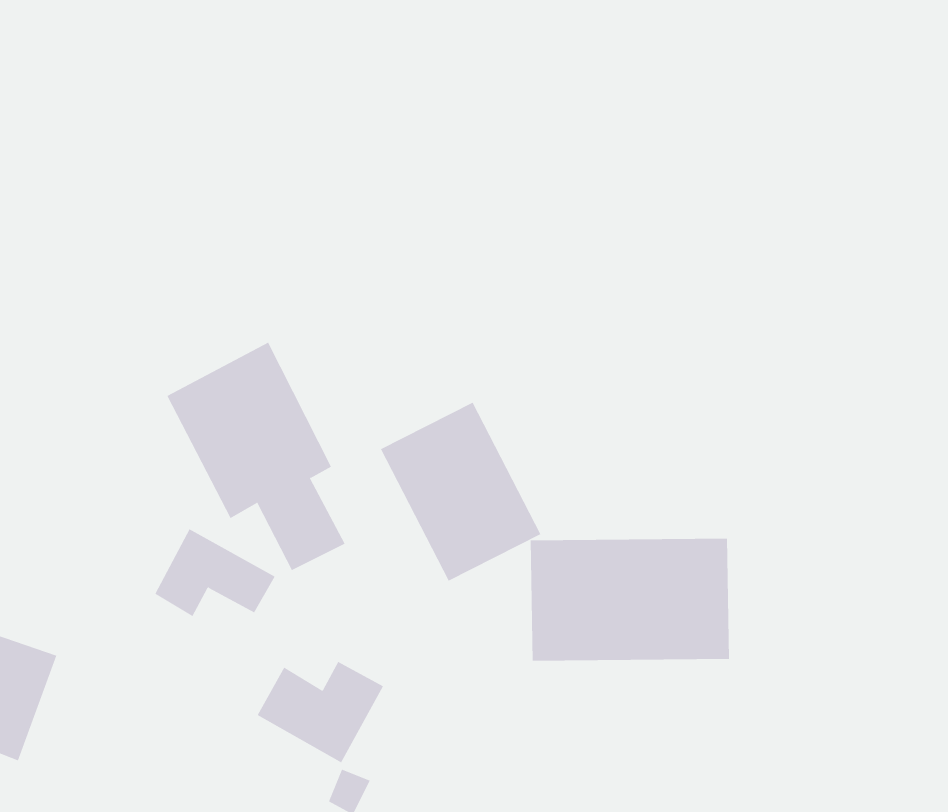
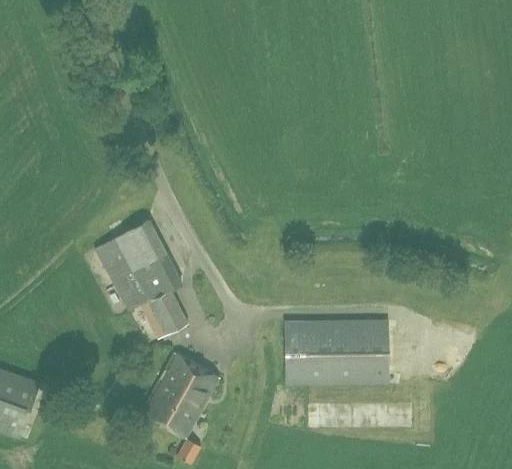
building: [380,402,541,581] -> none
building: [154,528,276,617] -> [156,354,219,400]

